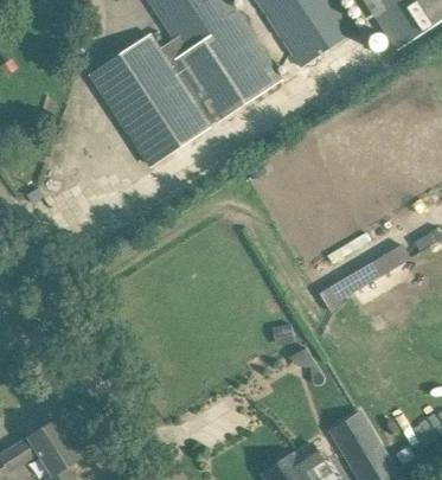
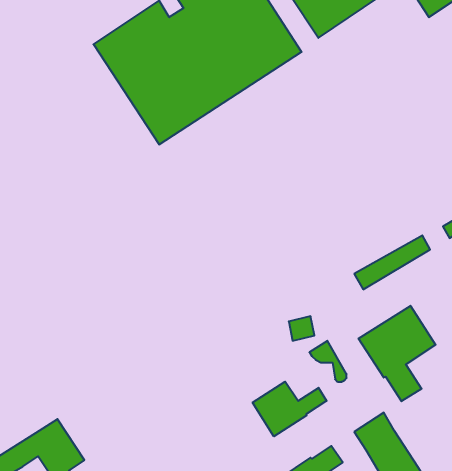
building: none -> [359,306,436,401]
building: none -> [253,382,327,436]

